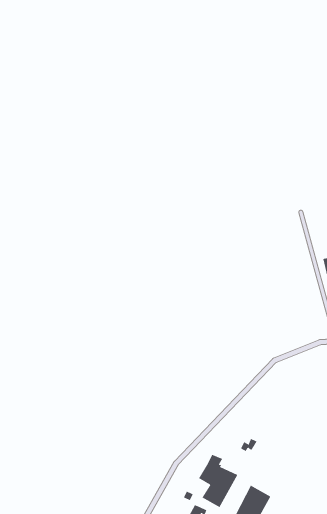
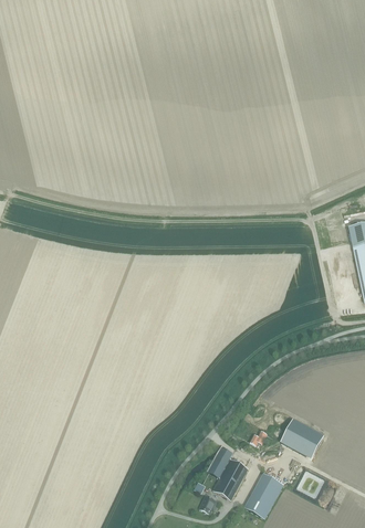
building: none -> [282,419,319,454]

